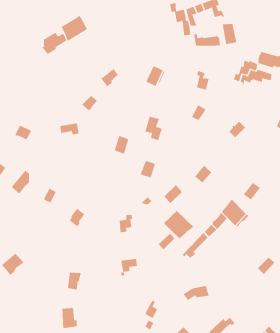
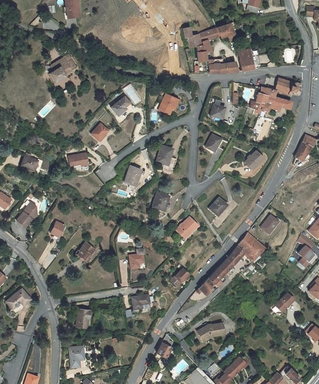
building: [61,15,88,42] -> none
building: [163,210,194,239] -> none

